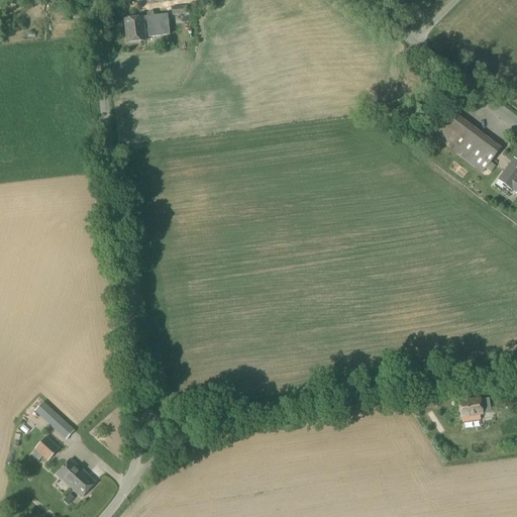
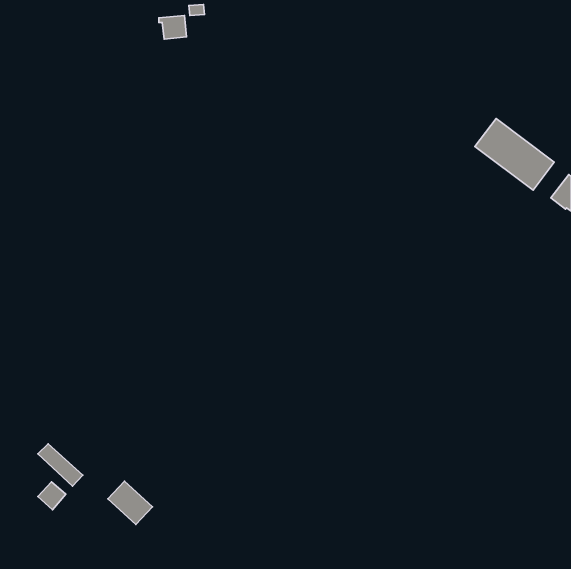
building: [124,16,145,41] -> none
building: [458,394,493,421] -> none
building: [56,457,96,497] -> [108,481,153,525]

